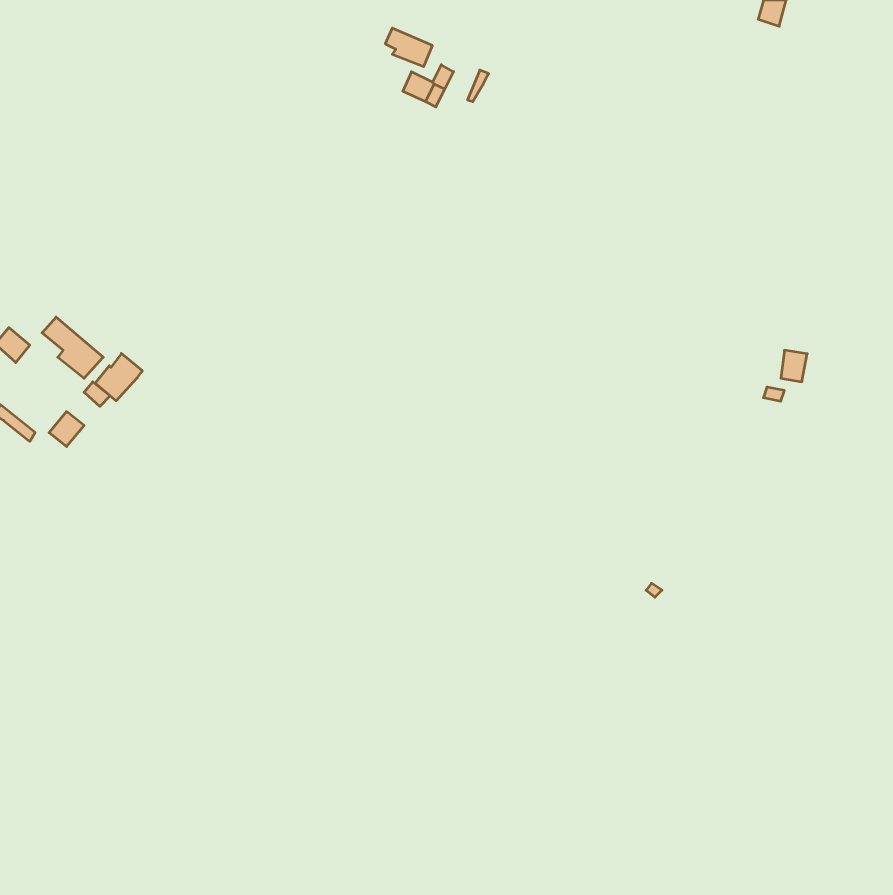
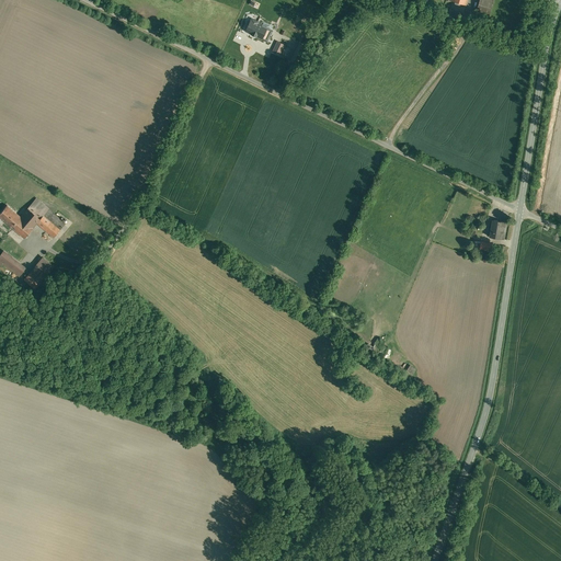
building: [95,353,142,401] -> [10,208,39,238]

